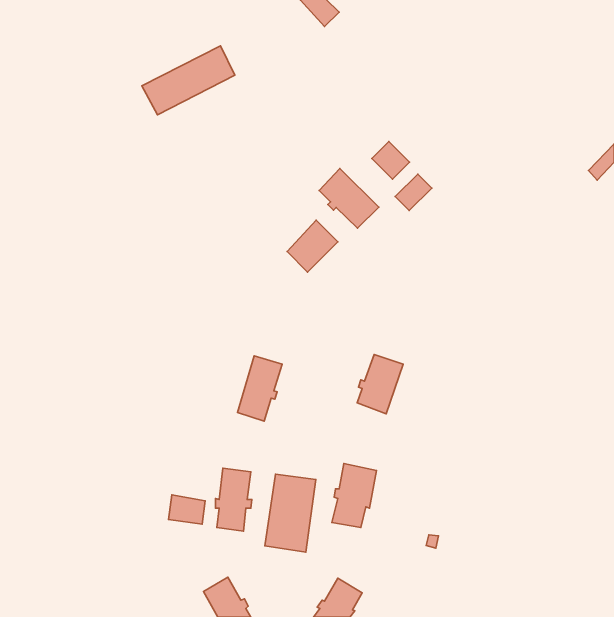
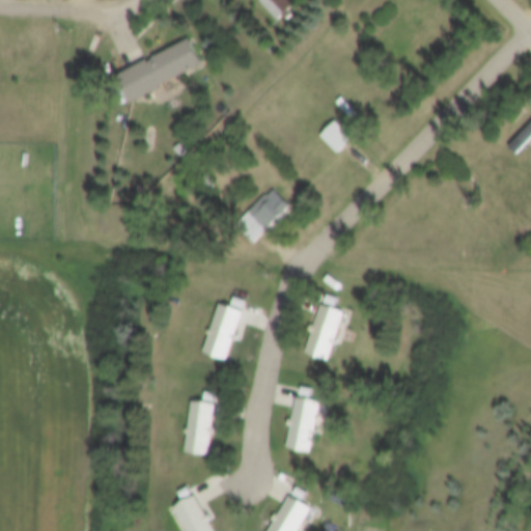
building: [319,168,379,228] -> none
building: [395,174,432,211] -> none
building: [265,474,316,552] -> none
building: [168,495,205,524] -> none

